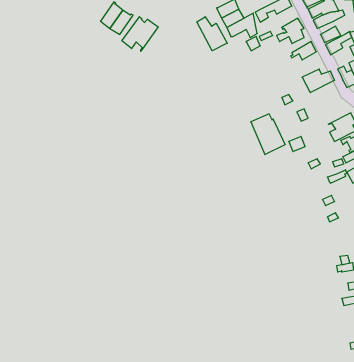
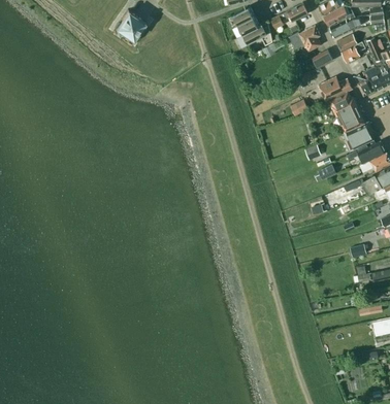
building: [122,17,158,51] -> none
building: [197,17,227,51] -> none
building: [251,114,285,155] -> [329,92,364,133]

